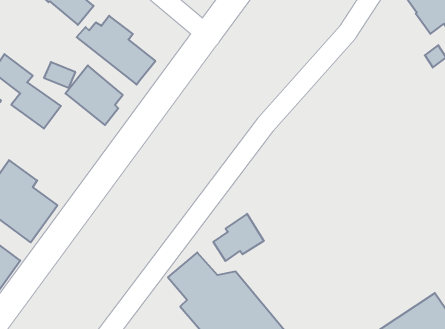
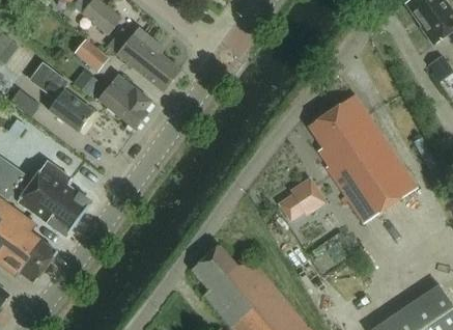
building: none -> [75,37,110,71]
building: none -> [309,94,418,222]
building: [213,214,264,261] -> [279,176,325,220]

